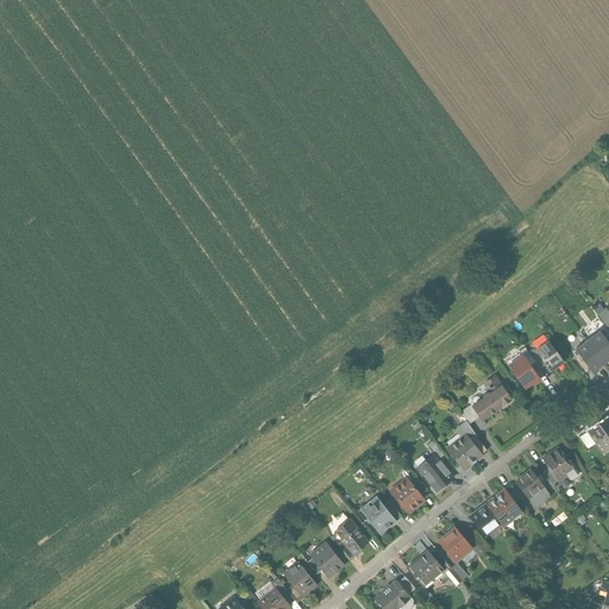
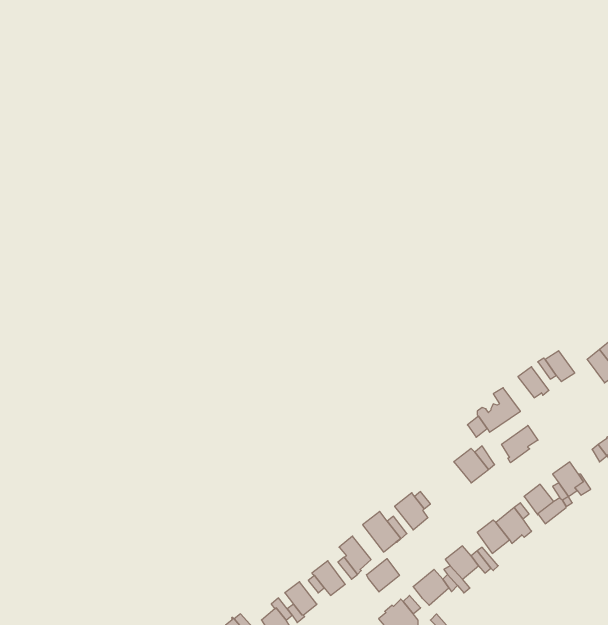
building: none -> [502,425,538,463]
building: [417,454,453,491] -> none
building: none -> [366,559,399,592]

